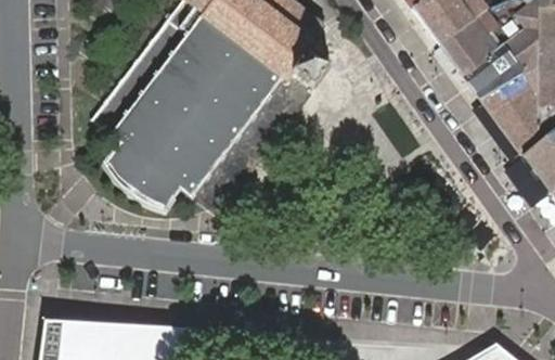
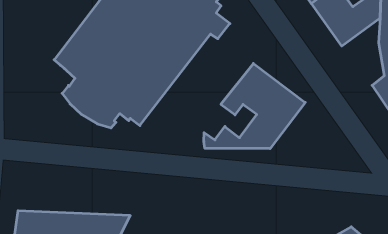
building: [482,61,540,152] -> none
building: none -> [204,63,305,149]

